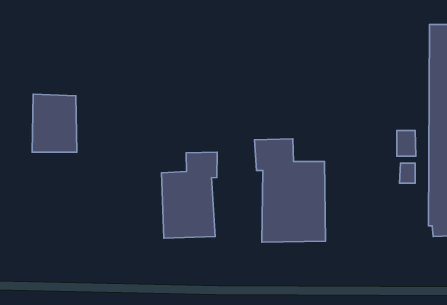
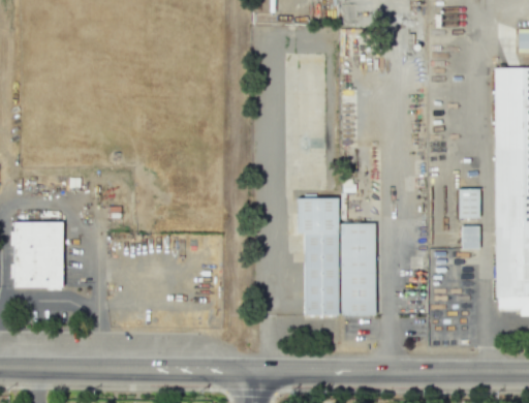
building: [32,94,77,152] -> [14,221,65,287]
building: [161,152,217,238] -> none

